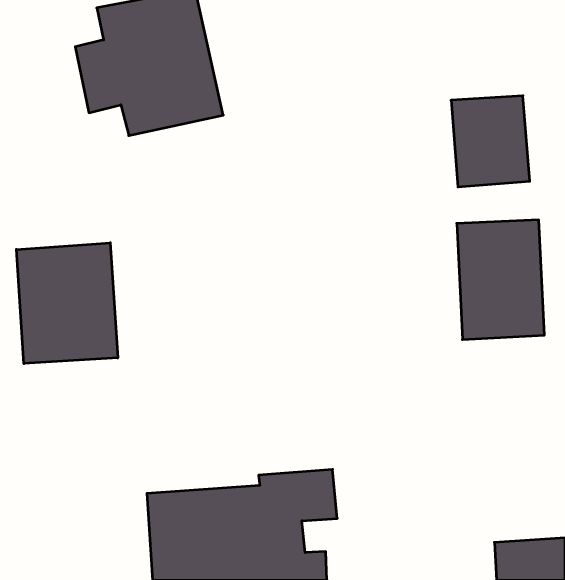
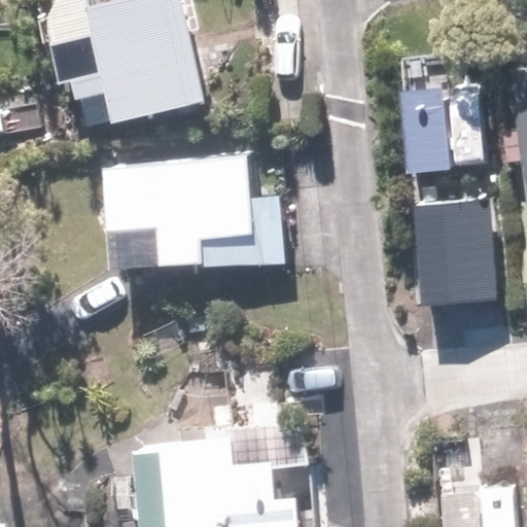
building: none -> [107,160,262,272]
building: [16,243,118,364] -> none

